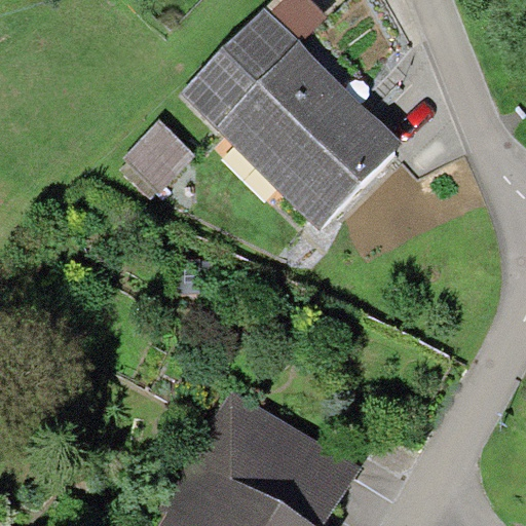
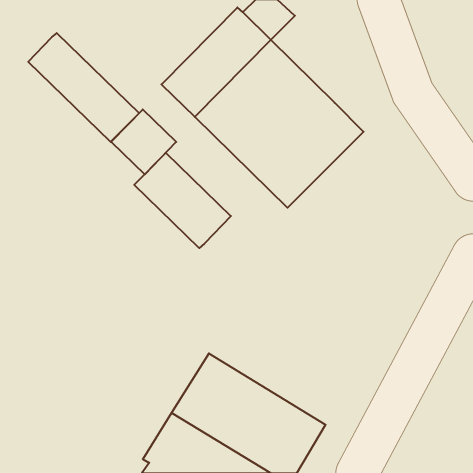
building: none -> [28,33,139,142]
building: none -> [134,153,231,248]

